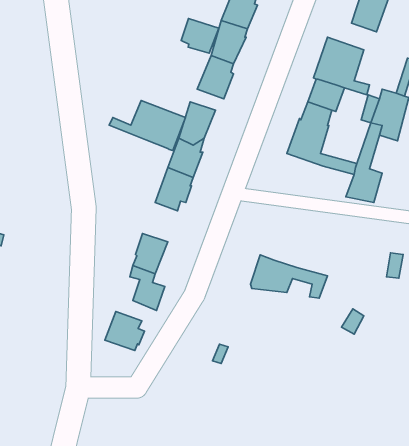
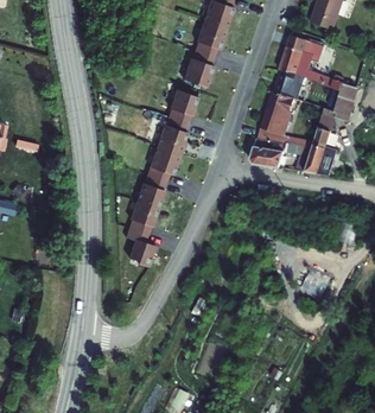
building: [181,19,219,53] -> none
building: [109,101,185,151] -> none
building: none -> [135,176,165,209]
building: [251,255,328,298] -> [249,134,314,171]
building: [105,311,144,351] -> none

